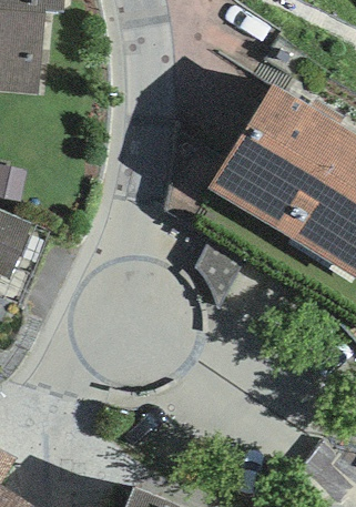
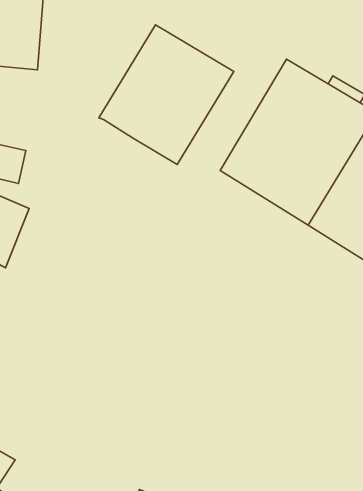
building: none -> [99,25,234,164]

